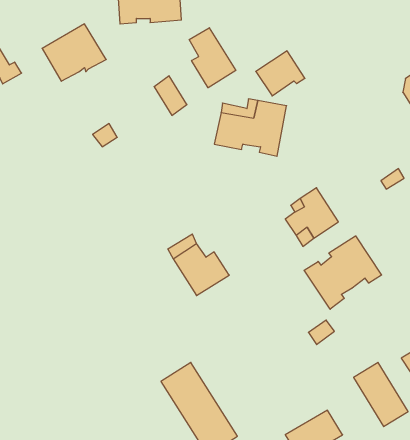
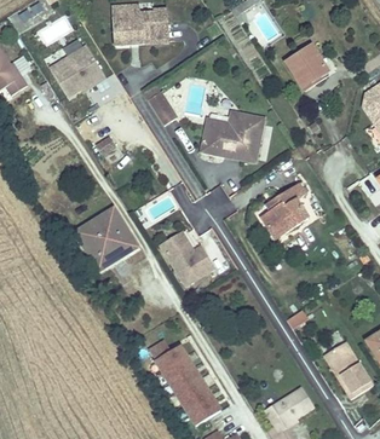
building: [189,28,236,88] -> none
building: [256,51,305,96] -> [286,46,329,86]
building: none -> [74,208,139,264]
building: [304,236,382,309] -> none

